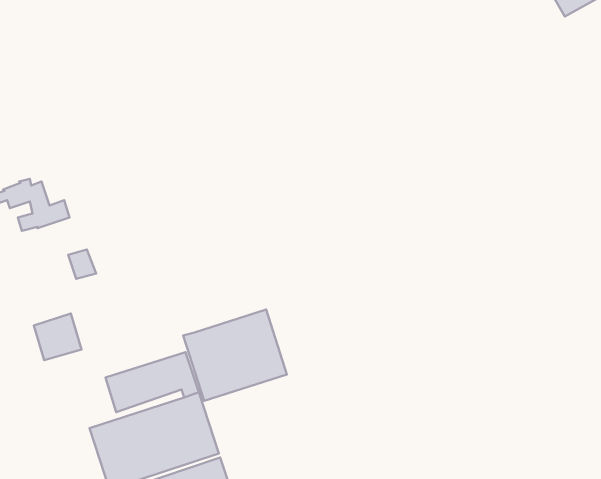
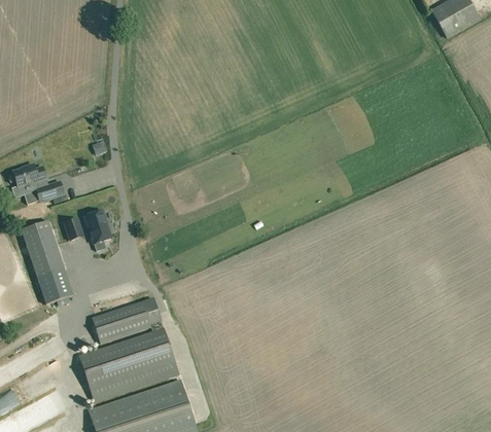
building: none -> [84,210,111,244]
building: none -> [21,219,65,277]
building: [183,309,287,401] -> none

